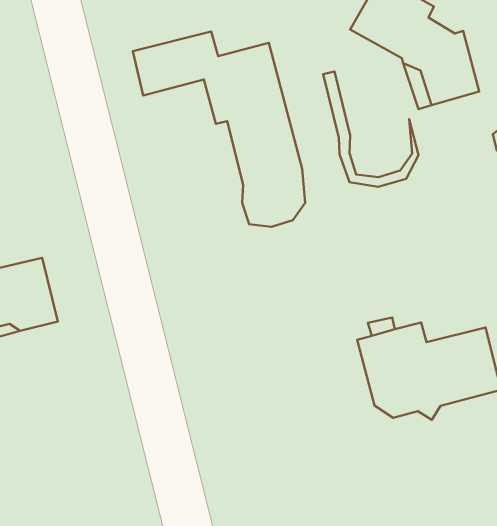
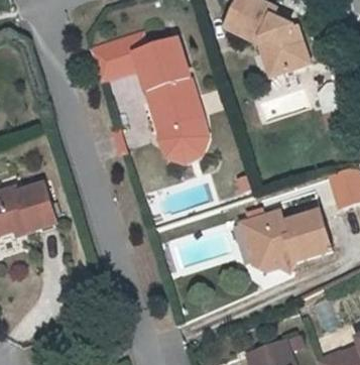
building: [323,72,419,187] -> [146,90,209,160]

